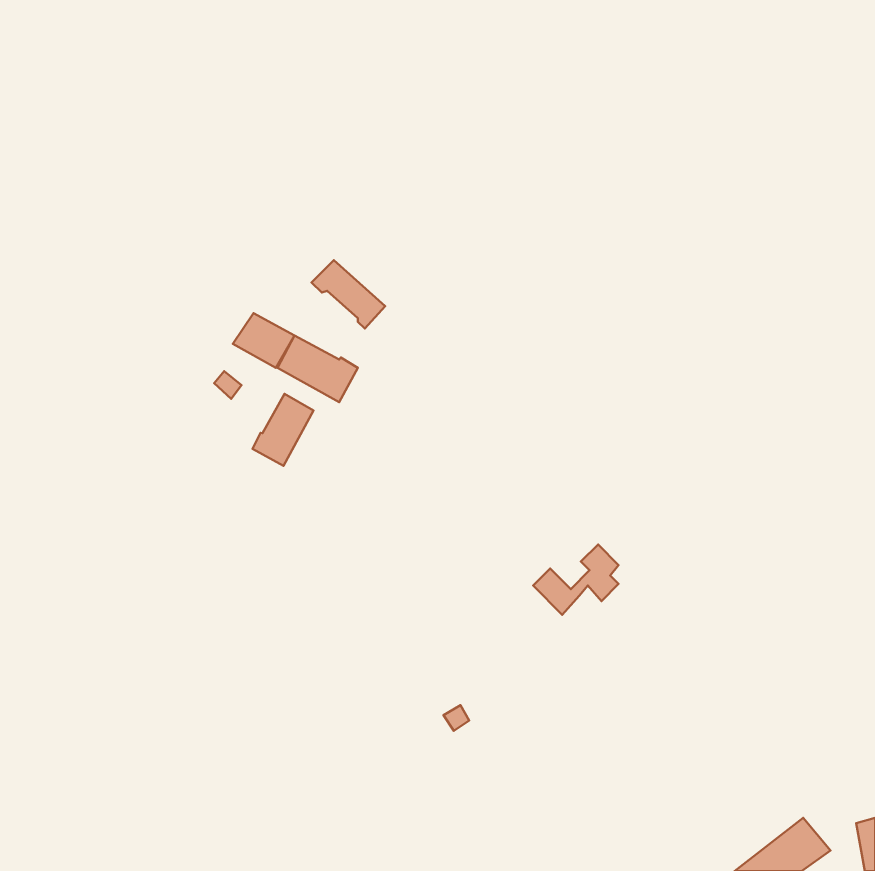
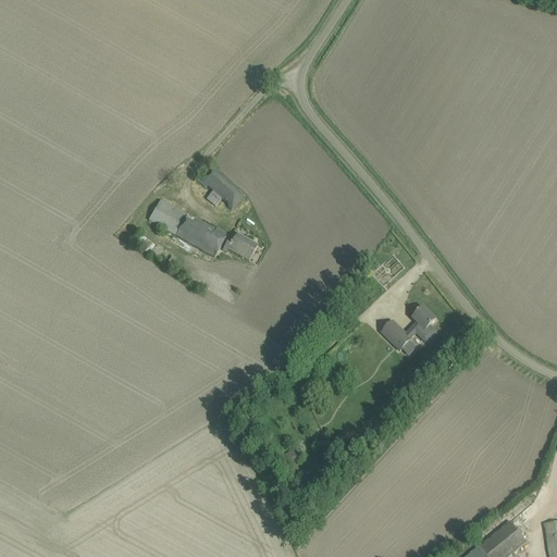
building: none -> [223,233,258,260]
building: [252,394,314,466] -> none
building: [533,545,619,615] -> [382,306,436,350]

